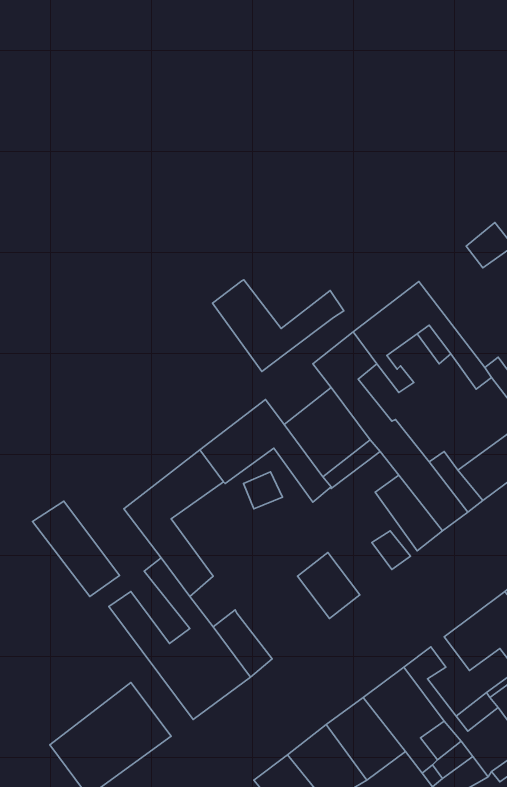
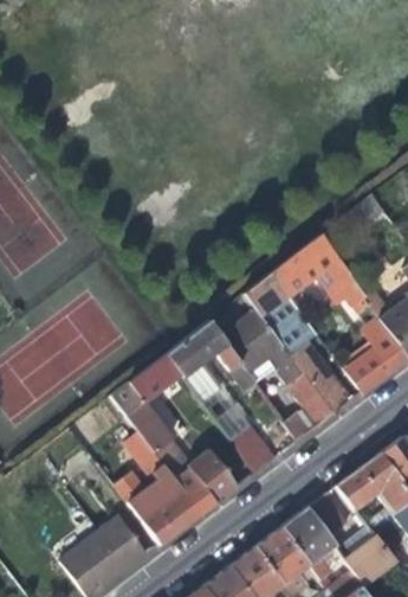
building: [212,280,344,371] -> none
building: [32,501,120,597] -> none
building: none -> [188,449,238,502]

